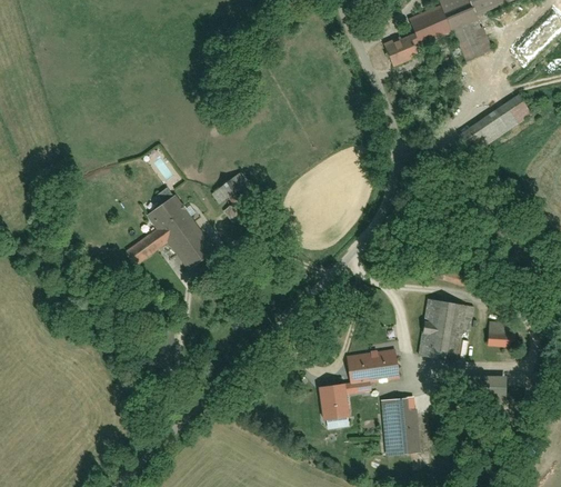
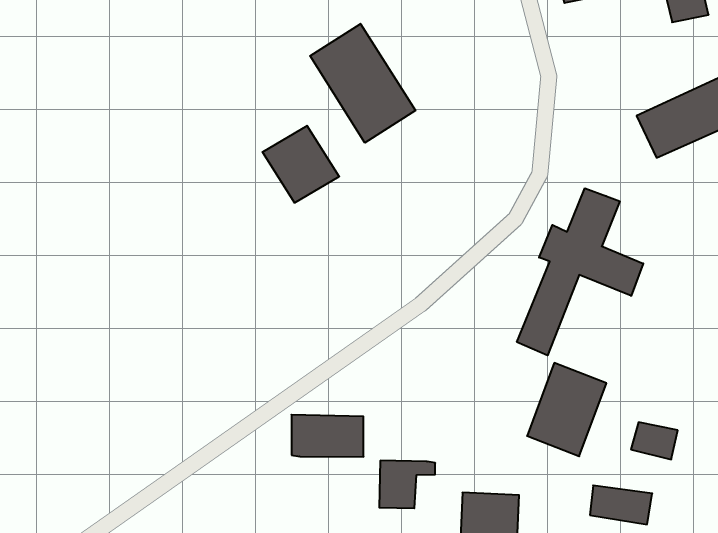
building: none -> [310,24,415,143]
building: none -> [517,188,643,355]
building: [127,187,216,270] -> none
building: [349,348,401,381] -> [291,415,364,457]

